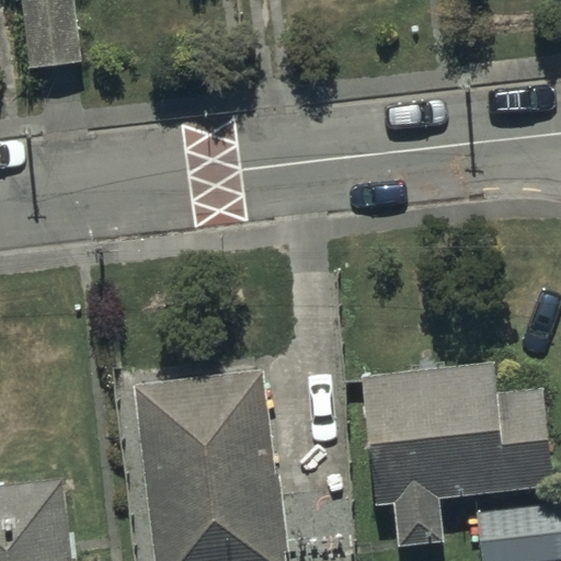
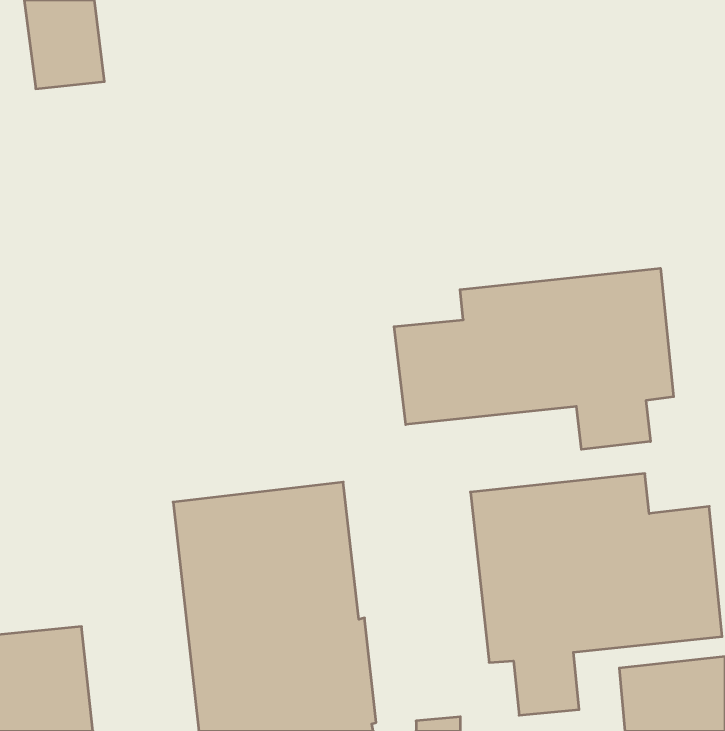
building: none -> [394,268,674,449]

